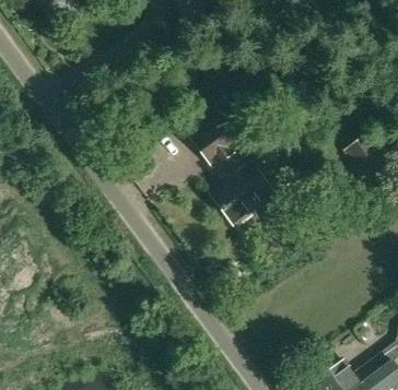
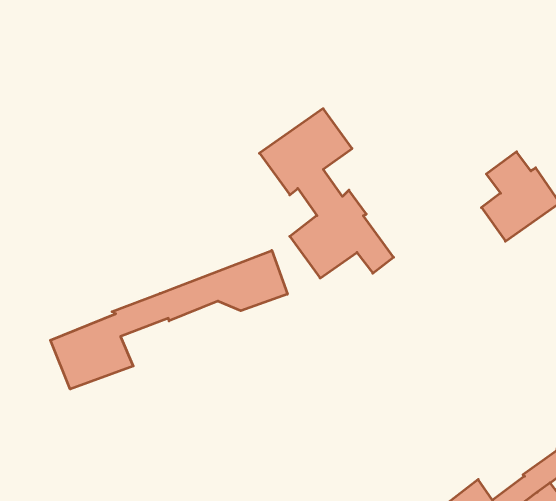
building: none -> [50,250,287,389]

